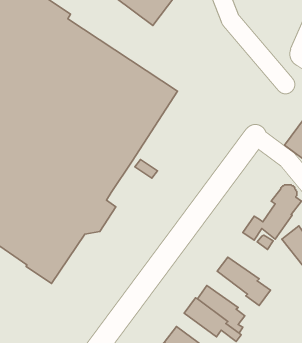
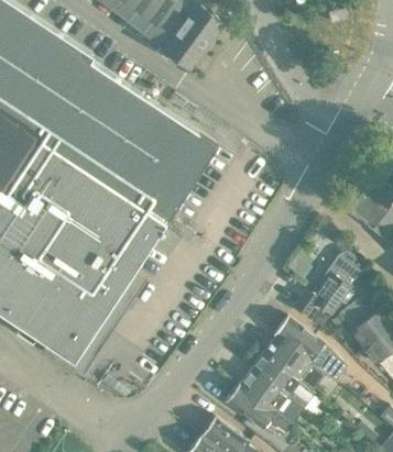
building: none -> [274,318,348,383]
building: none -> [252,353,315,409]

